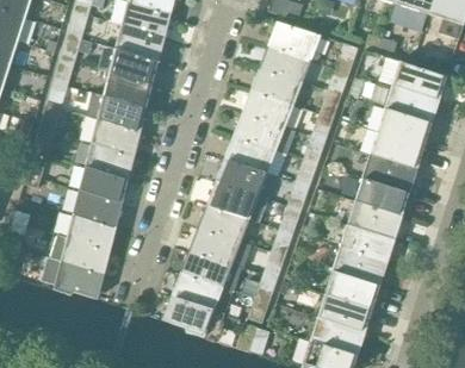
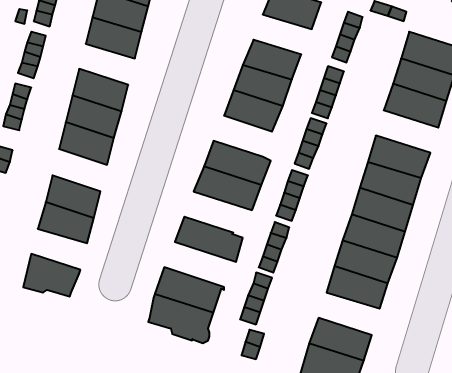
building: [259,45,311,81] -> none
building: [103,71,153,108] -> none
building: [368,131,424,169] -> none
building: [223,136,275,173] -> none
building: [79,166,128,204] -> none
building: [197,204,258,241] -> none
building: [50,235,110,274] -> none
building: [179,249,243,289] -> none
building: [317,294,372,332] -> none

